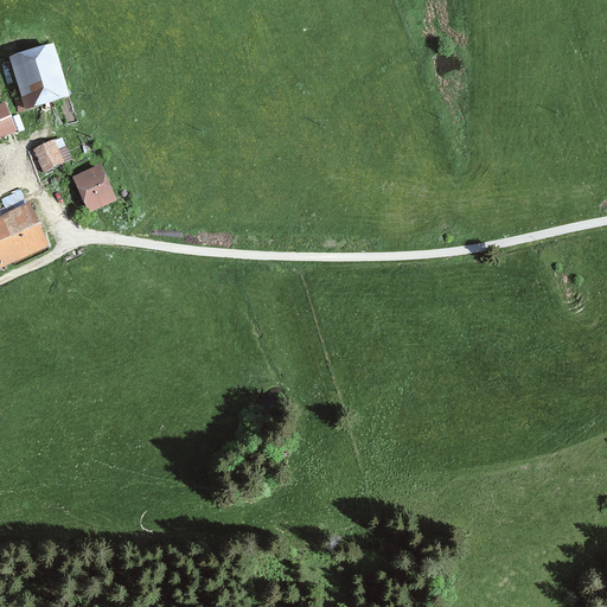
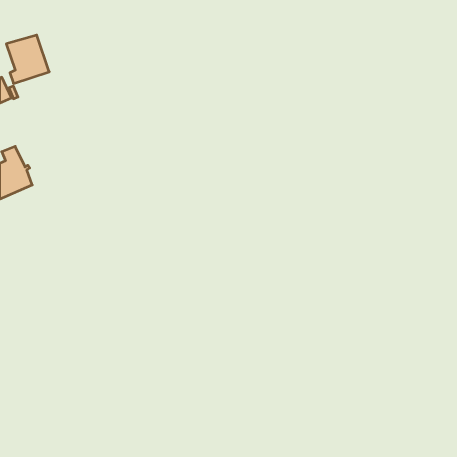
building: [34,136,68,170] -> none
building: [82,170,117,210] -> none

